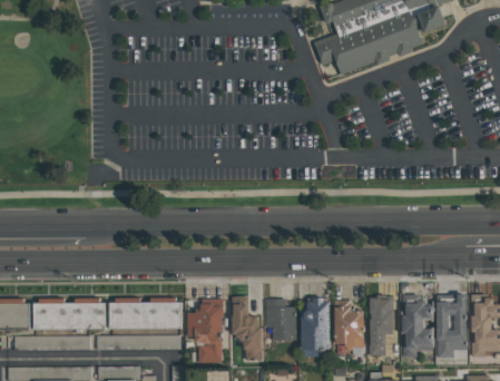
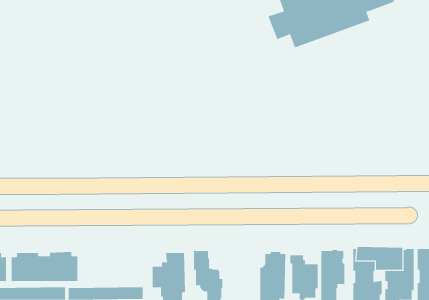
building: [110,297,183,329] -> none
building: [265,299,295,341] -> none

